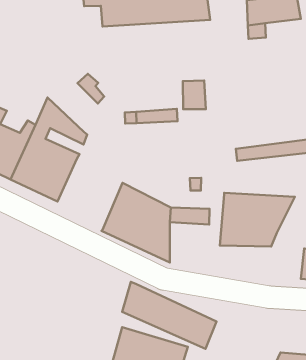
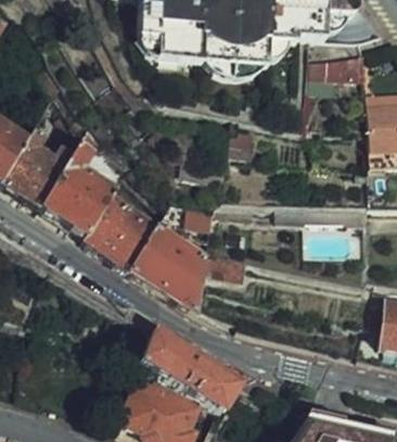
building: none -> [85,192,157,270]
building: [220,193,295,246] -> none

